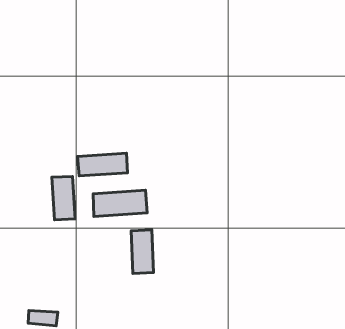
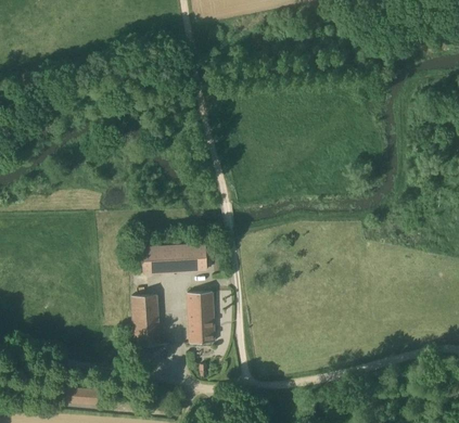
building: [77,153,128,176] -> none
building: [52,176,75,220] -> [132,294,161,346]

